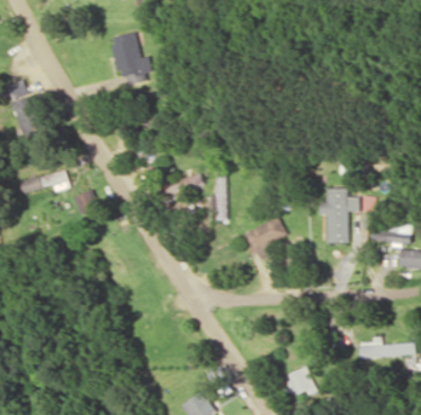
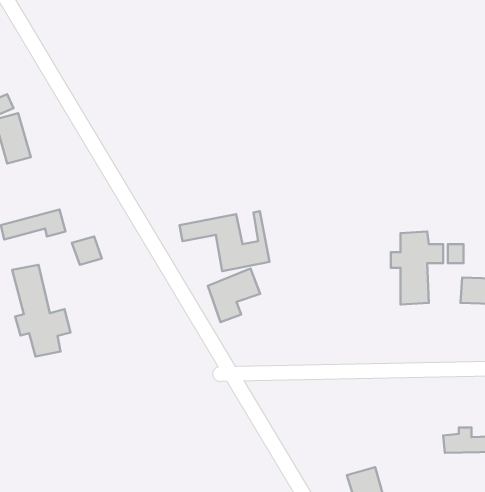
building: [113,33,154,86] -> none
building: none -> [12,265,71,356]
building: [246,218,286,259] -> [208,269,260,322]

